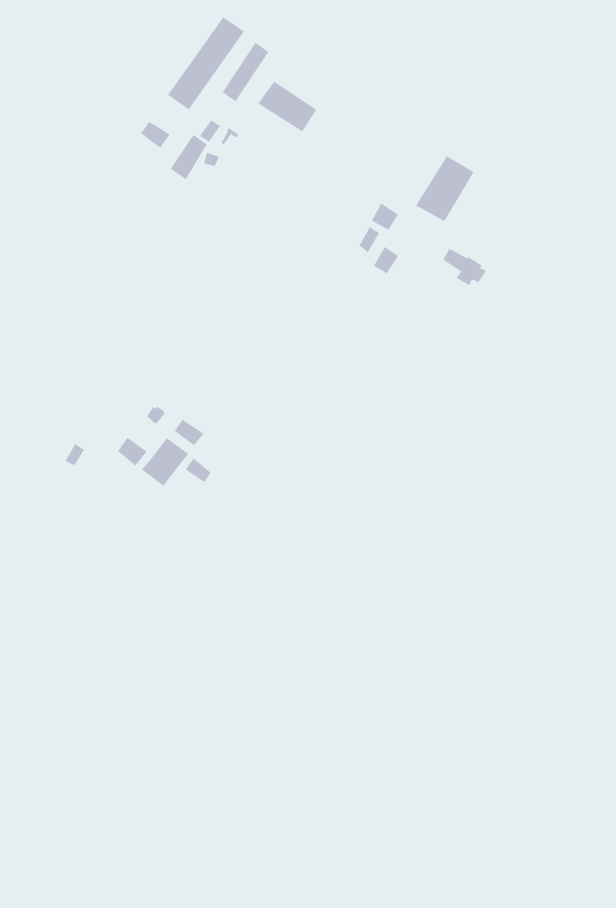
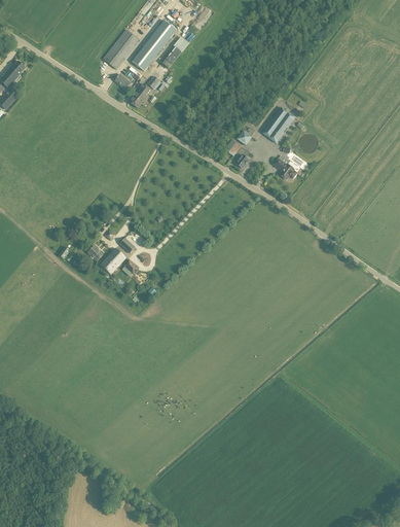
building: none -> [103,28,139,68]
building: [257,81,317,132] -> none

